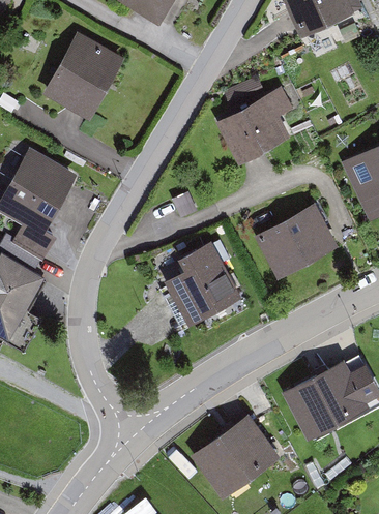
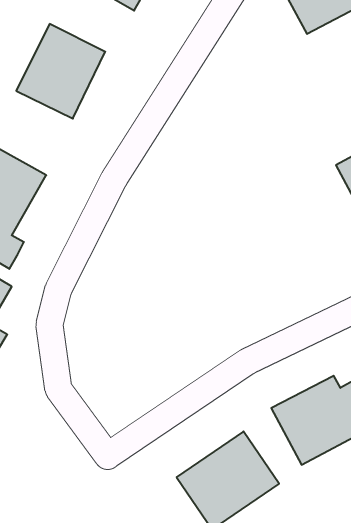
building: [215,81,300,169] -> none
building: [252,202,334,276] -> none
building: [163,240,236,321] -> none

